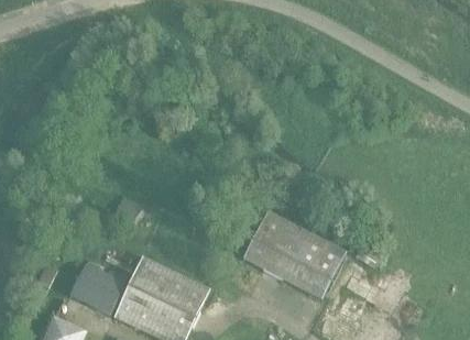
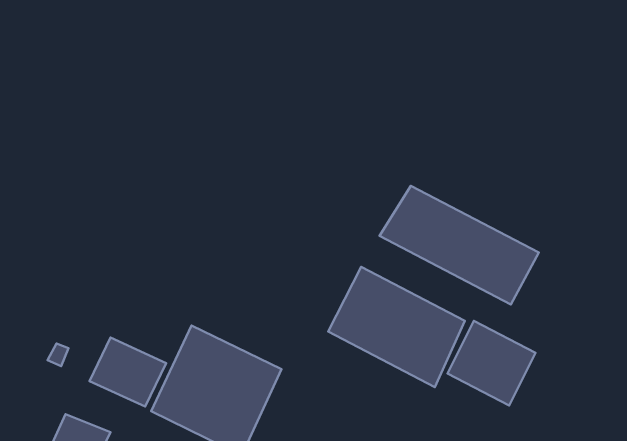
building: none -> [379,186,539,304]
building: none -> [448,321,535,406]

